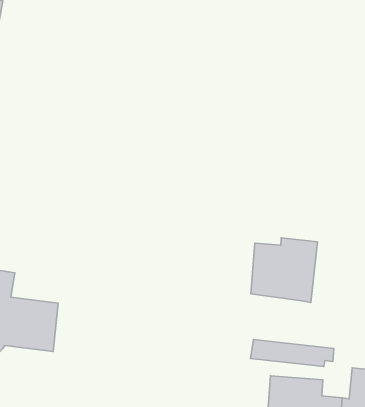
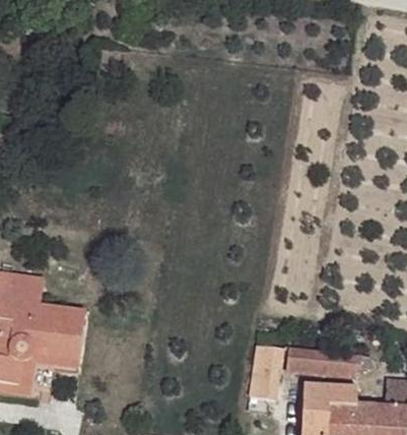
building: [251,238,317,303] -> none
building: none -> [252,347,282,402]

